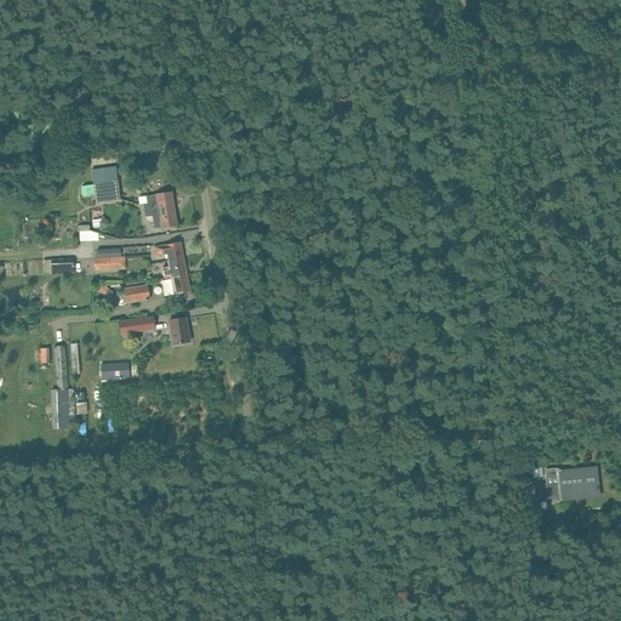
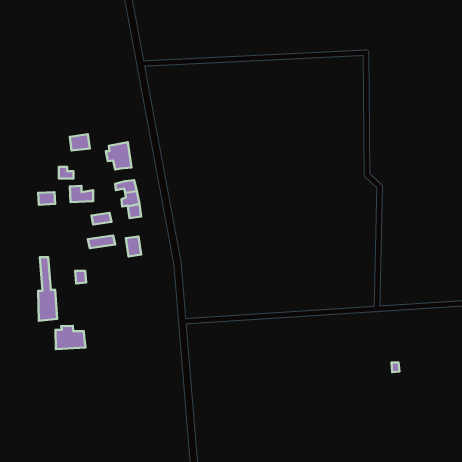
building: none -> [56,326,85,349]
building: [537,466,600,500] -> none

